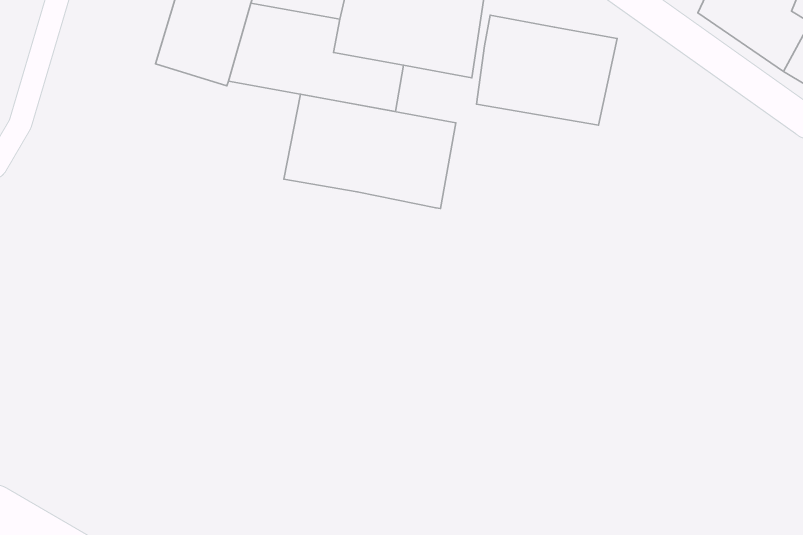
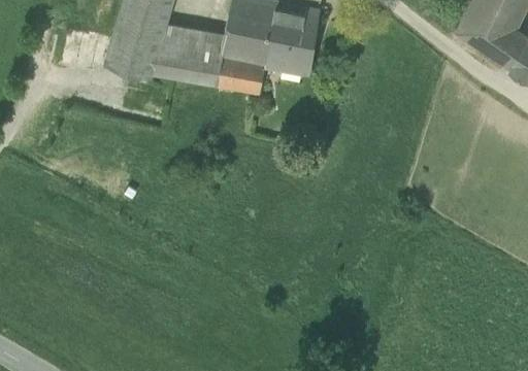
building: [477,15,617,125] -> none
building: [284,94,456,208] -> none

